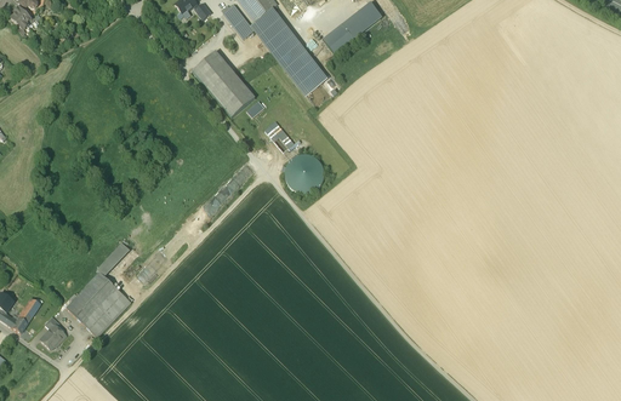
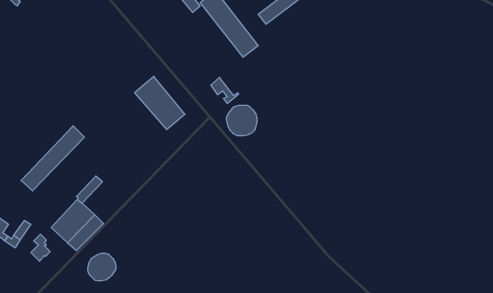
building: [192,50,255,116] -> [135,76,185,130]
building: none -> [21,126,84,191]
building: none -> [88,253,116,281]

